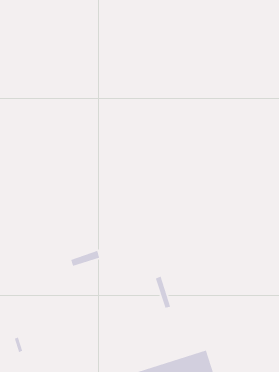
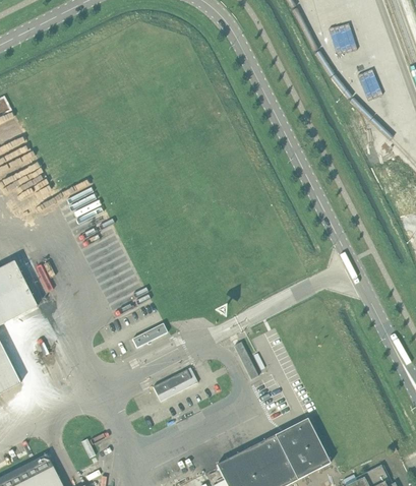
building: none -> [153,368,197,402]

